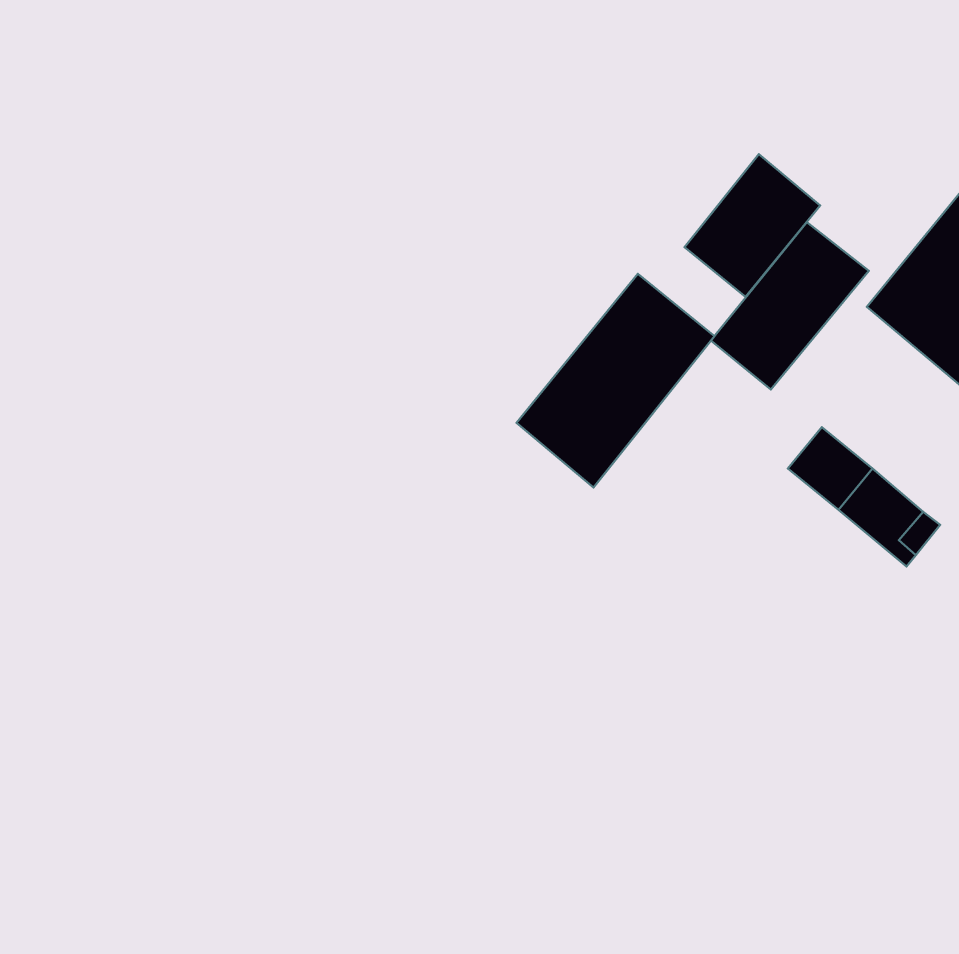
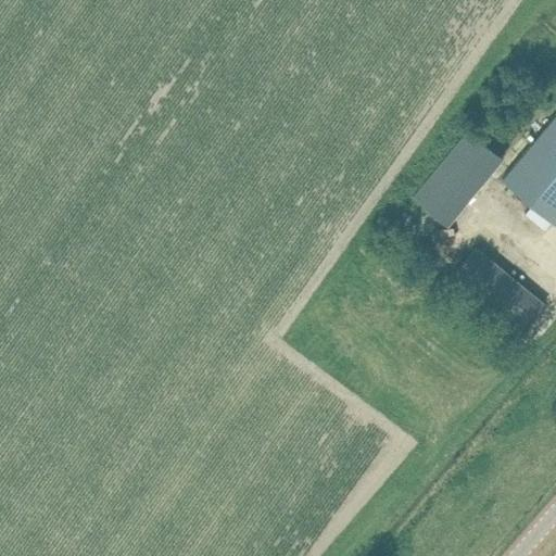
building: [685,154,820,297] -> none
building: [516,274,714,487] -> none

